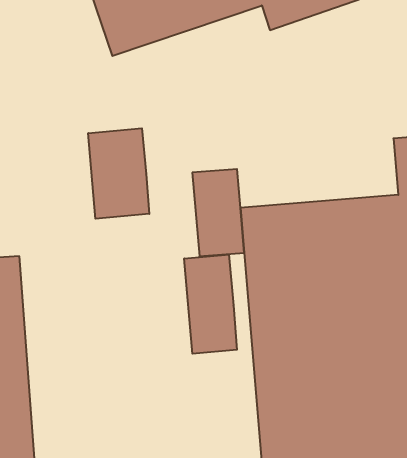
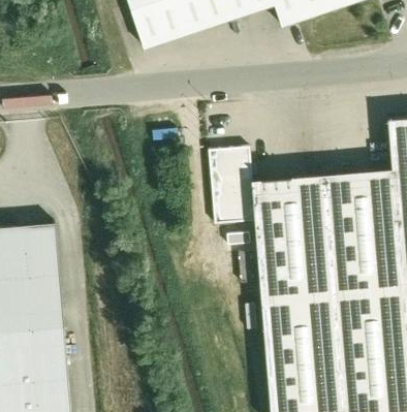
building: [88,128,149,219] -> none
building: [184,254,237,354] -> none

